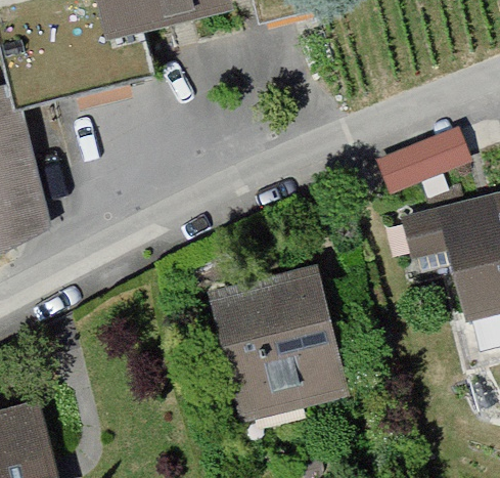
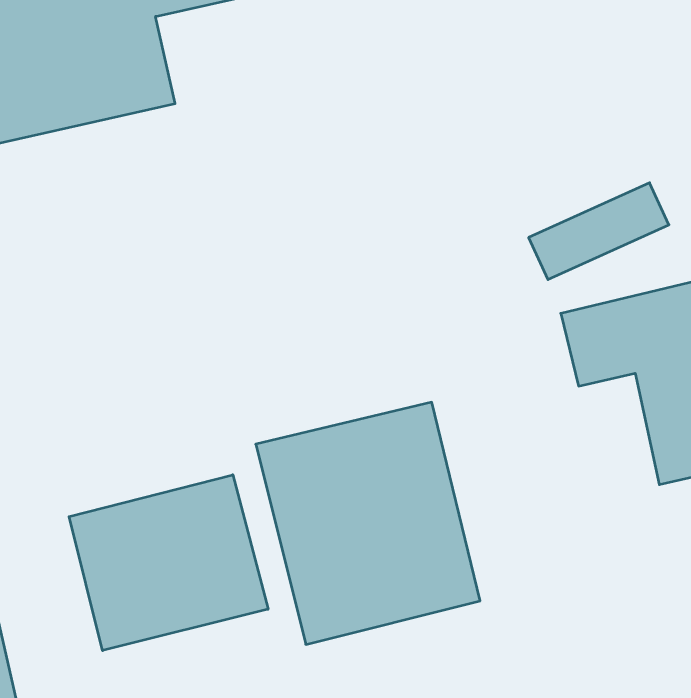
building: none -> [69,475,268,651]

